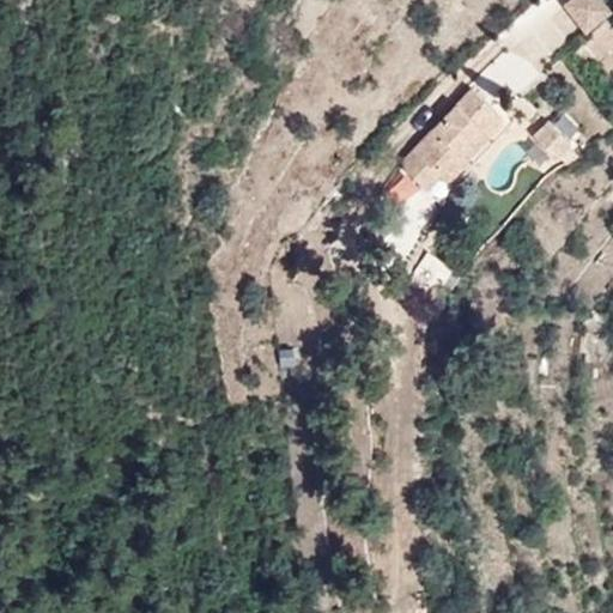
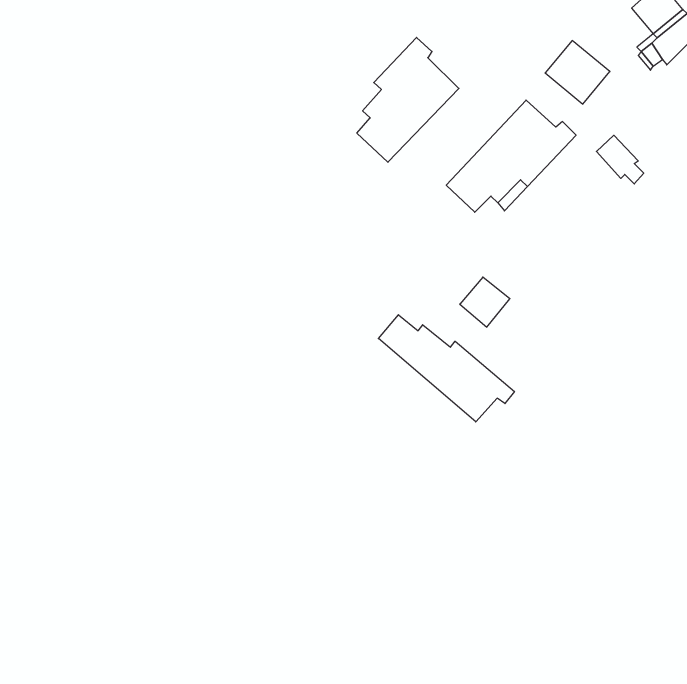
building: none -> [357,37,459,162]
building: none -> [378,315,514,422]

